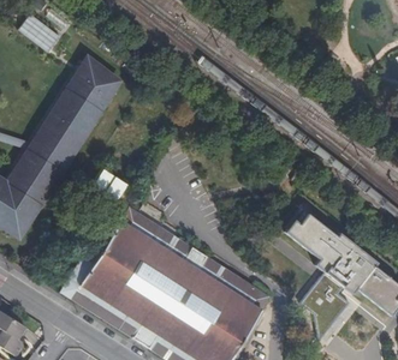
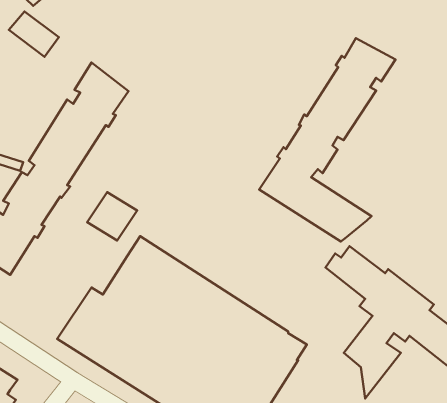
building: none -> [259,38,396,241]

